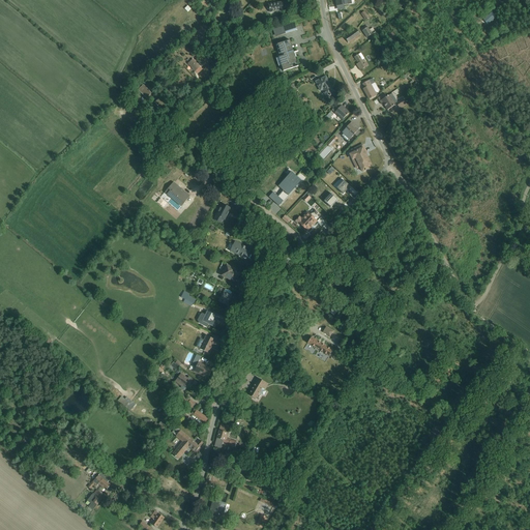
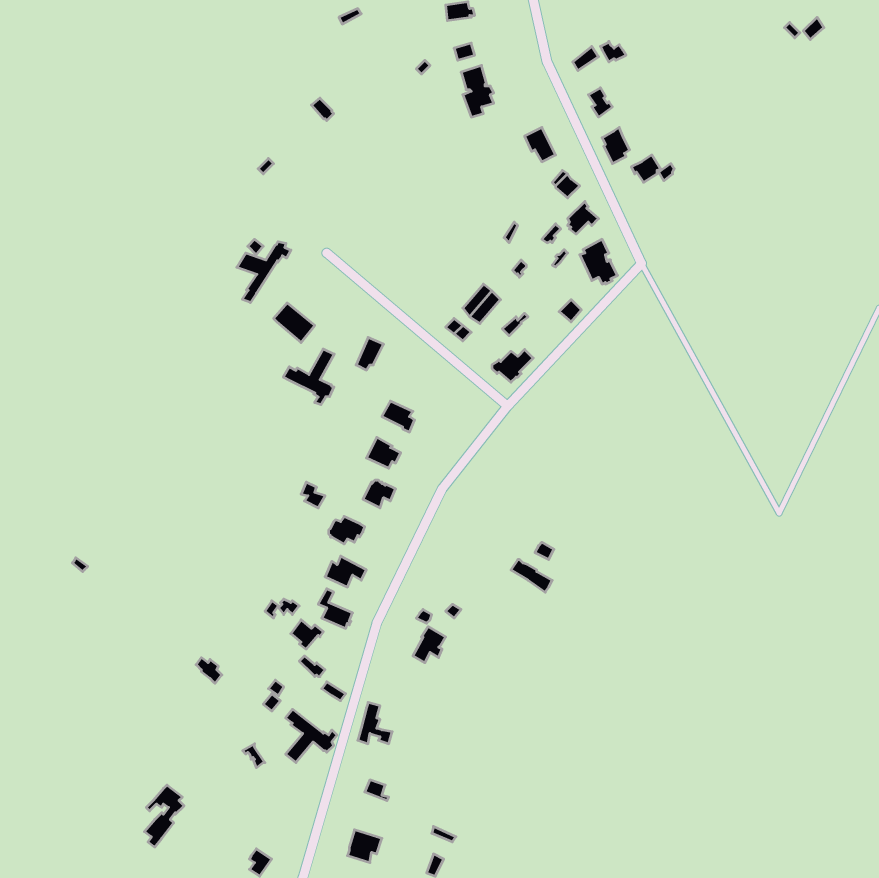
building: none -> [237,242,291,303]
building: none -> [283,349,334,405]

